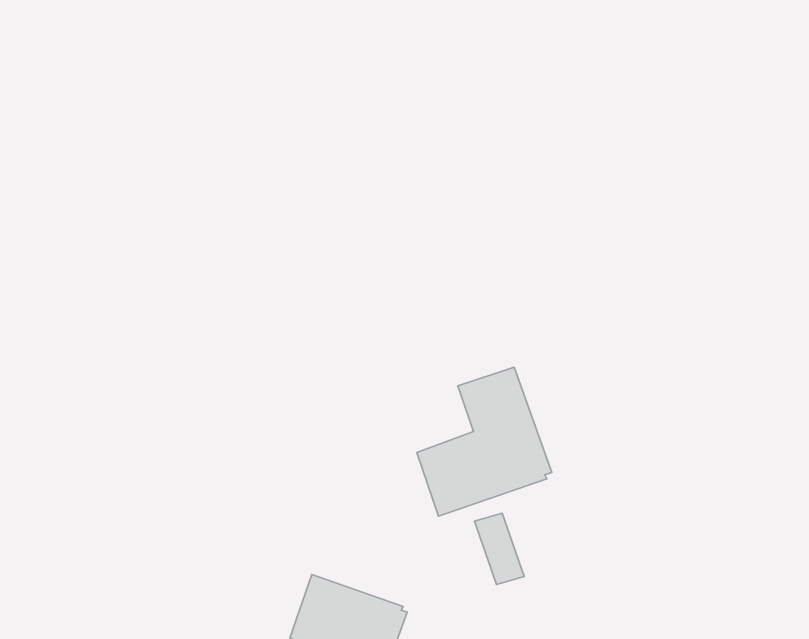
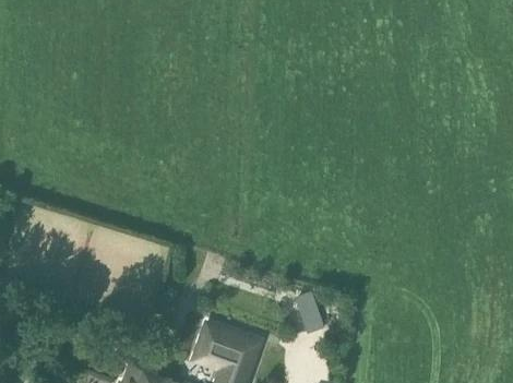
building: [417,367,552,516] -> none

